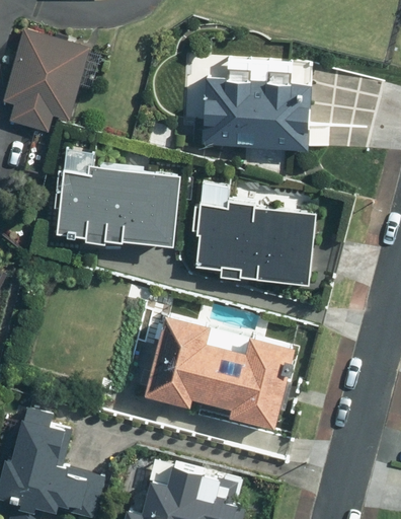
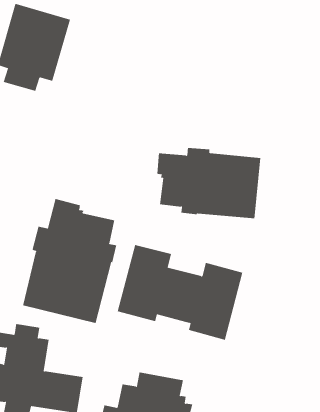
building: [183,55,330,159] -> none
building: [55,165,182,246] -> none
building: none -> [22,198,117,324]

